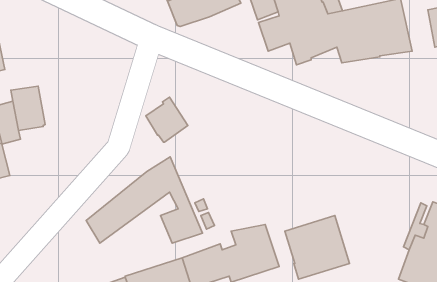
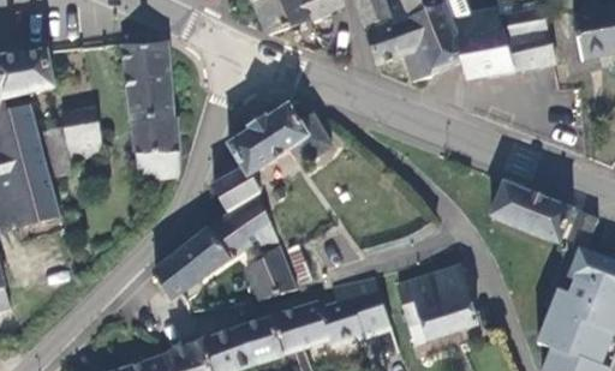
building: none -> [123,41,179,180]
building: none -> [256,103,332,166]
building: none -> [211,167,259,211]
building: none -> [490,180,573,243]

